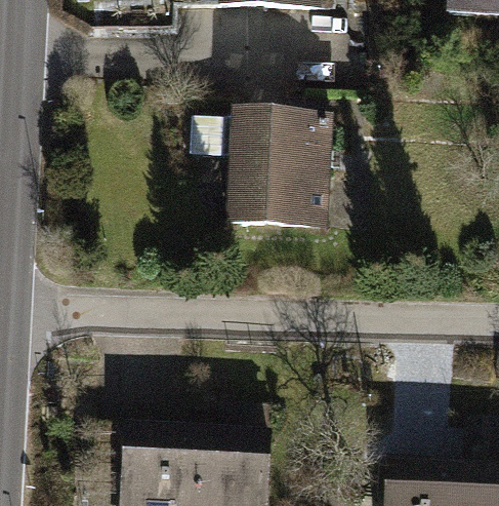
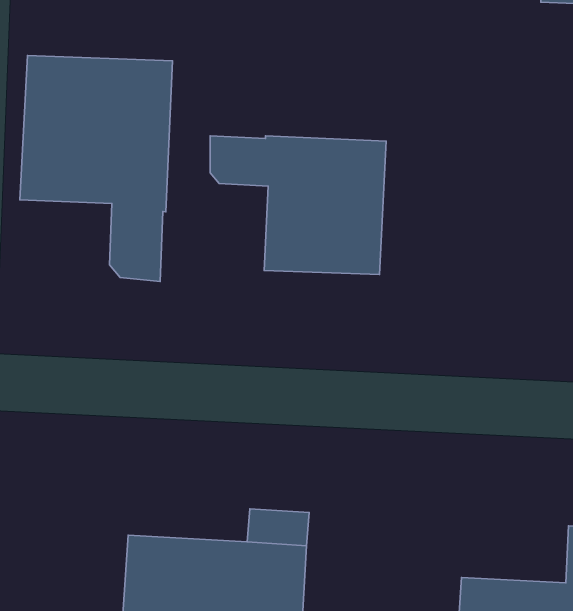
building: none -> [20,56,172,281]

